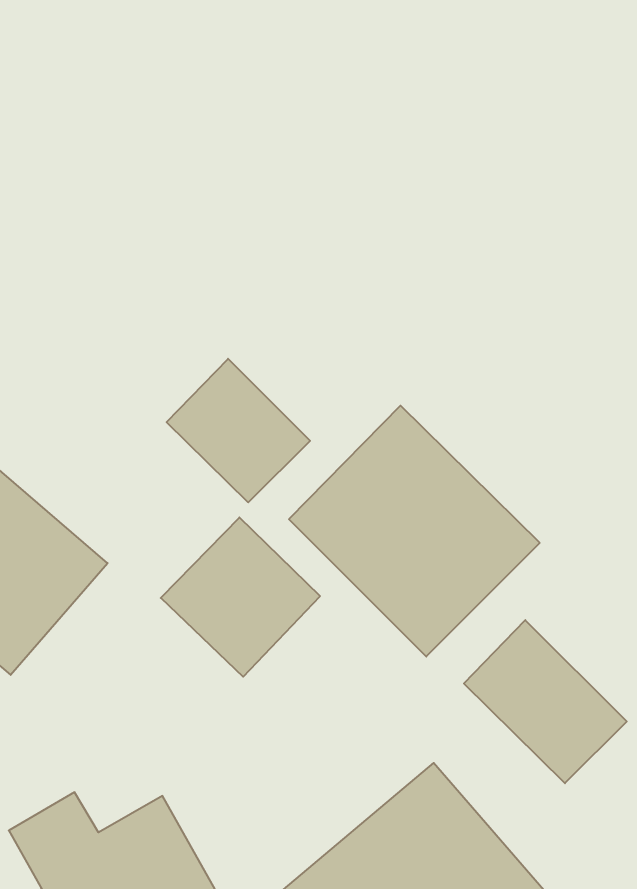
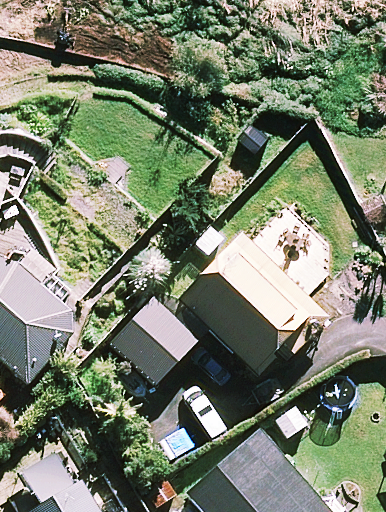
building: [167,359,310,502] -> none
building: [464,620,627,783] -> none

